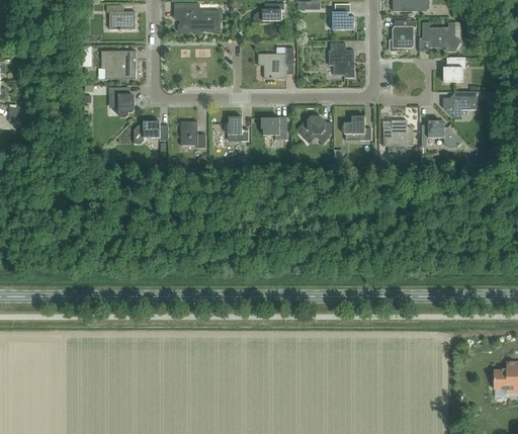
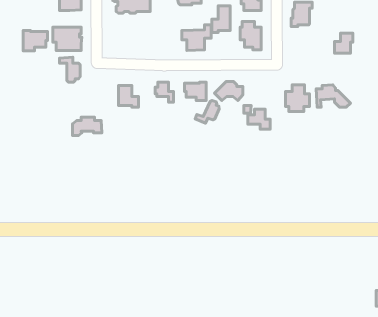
building: [421,21,460,51] -> none
building: none -> [212,6,230,33]
building: none -> [23,30,48,51]
building: [442,91,476,118] -> none
building: [343,115,370,140] -> [248,109,270,129]
building: [133,120,168,143] -> [73,117,102,135]
building: none -> [195,100,219,123]

